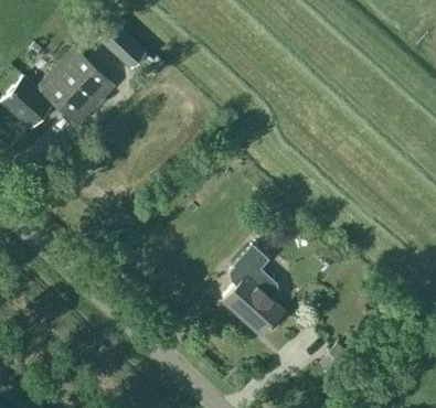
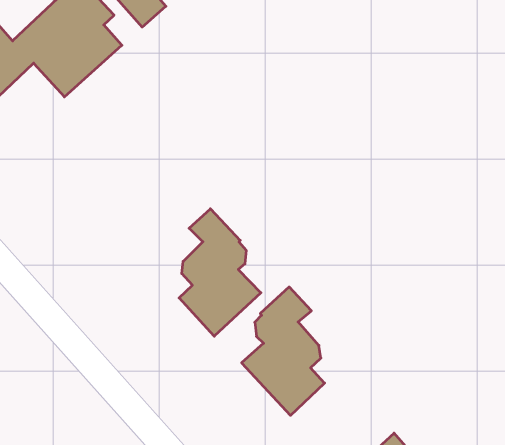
building: none -> [179,209,261,336]

